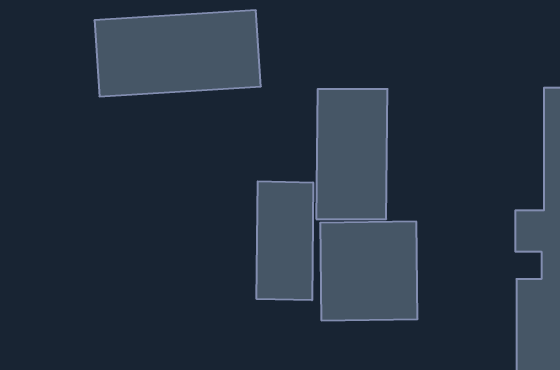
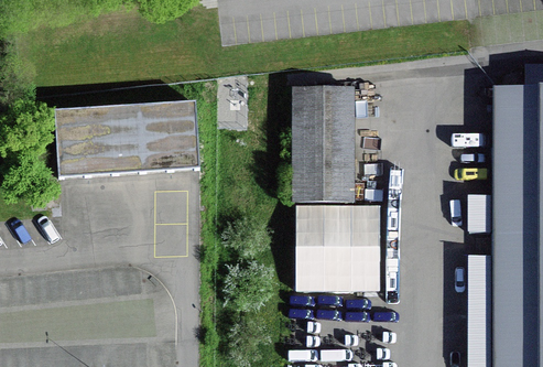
building: [94,10,261,96] -> [55,100,202,176]
building: [257,181,313,300] -> none

